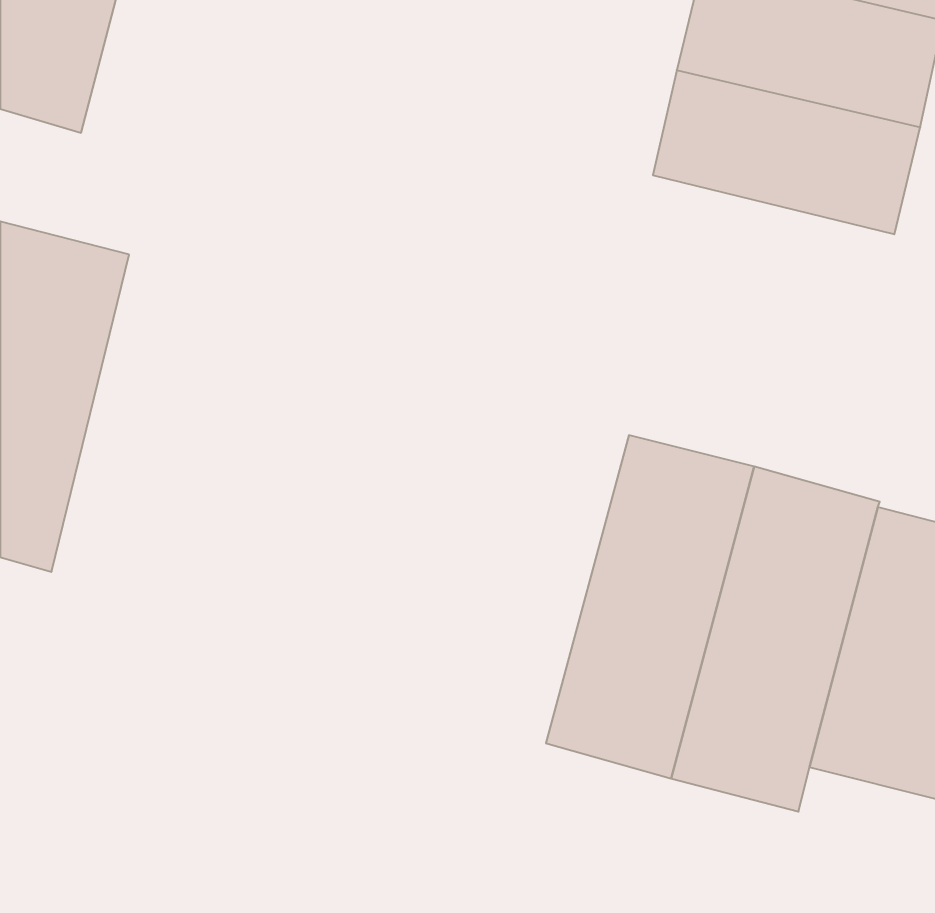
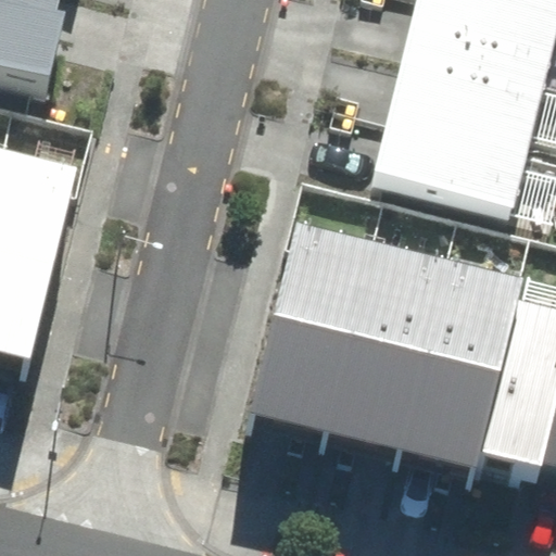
building: none -> [374,103,531,200]
building: none -> [252,236,375,438]

